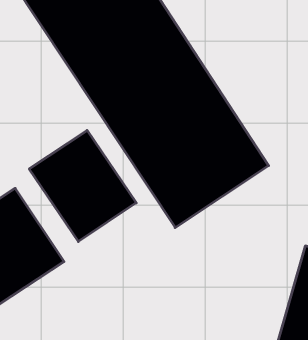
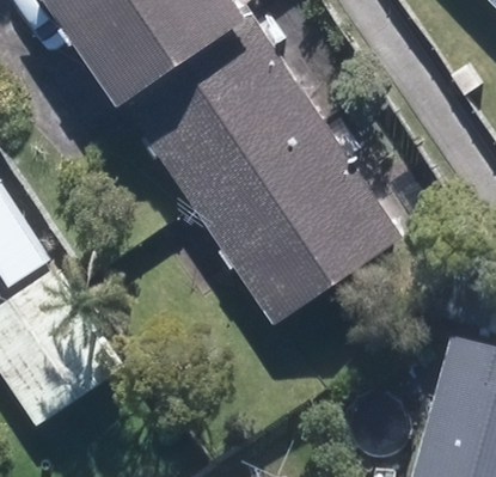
building: [29,130,136,242] -> none

